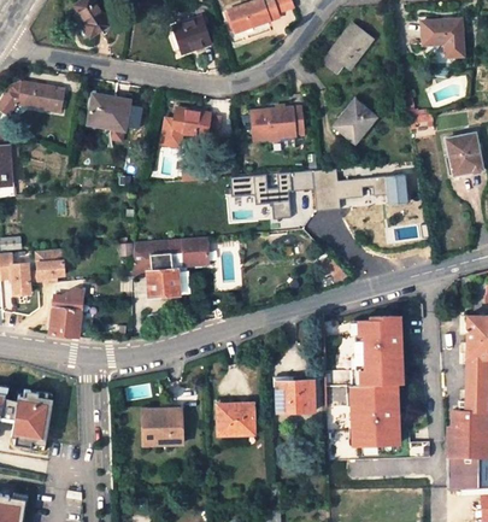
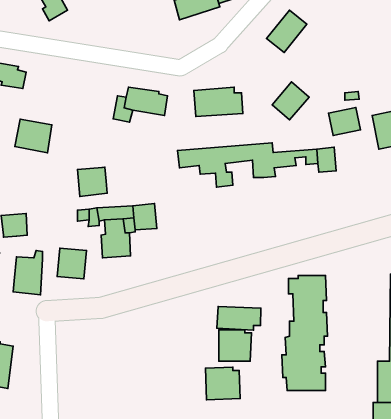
building: [172,18,212,53] -> none
building: [423,20,463,58] -> none
building: [89,93,130,130] -> [15,119,52,153]
building: none -> [328,108,361,136]
building: none -> [77,167,107,197]
building: none -> [57,248,87,279]
building: none -> [217,306,261,330]
building: [217,400,255,436] -> [206,367,240,400]
building: [142,409,183,444] -> none

